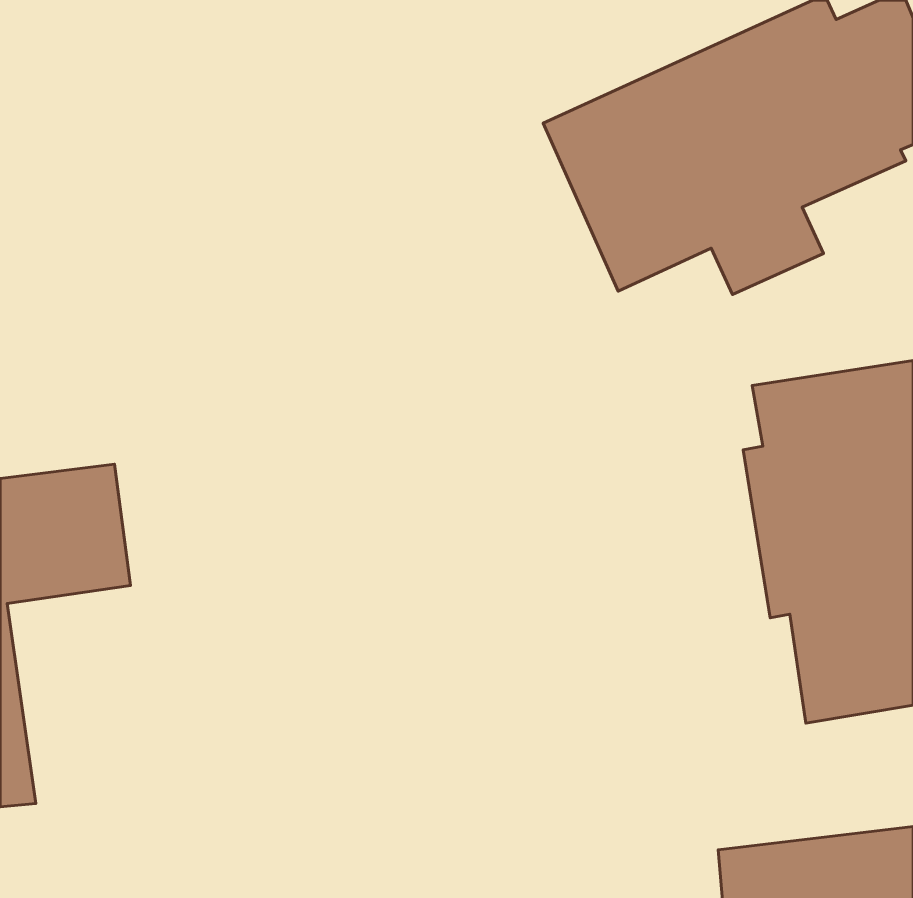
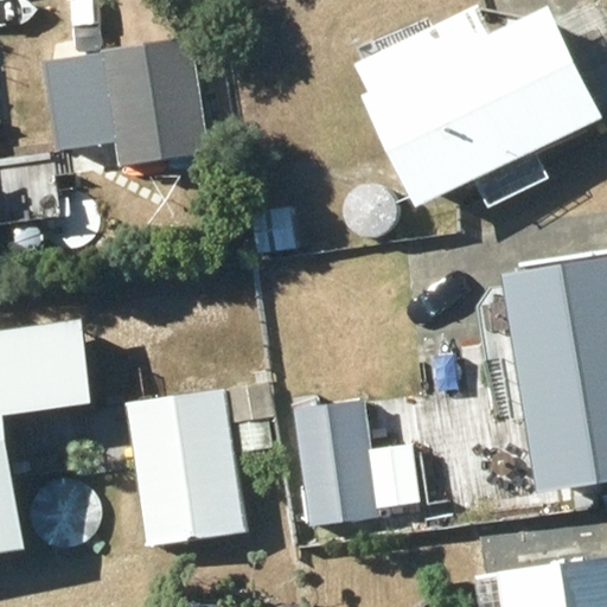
building: none -> [102,39,200,165]
building: none -> [127,389,271,547]
building: none -> [290,398,416,528]

